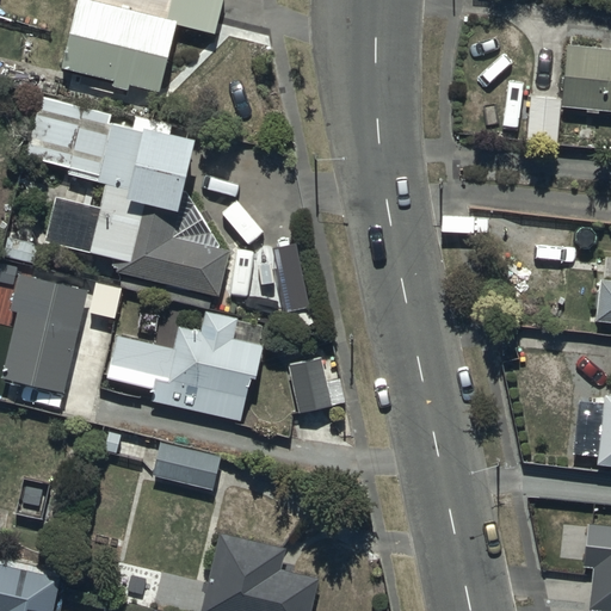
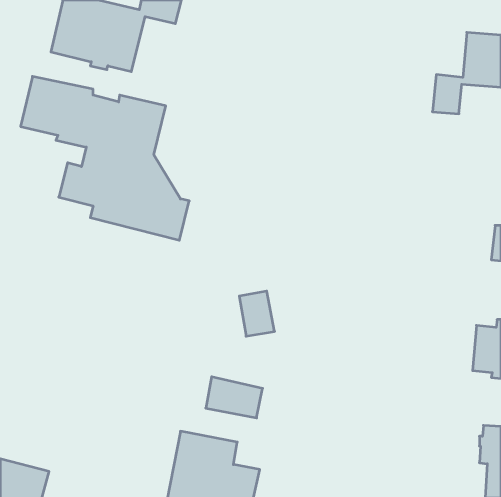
building: [6,272,88,393] -> none
building: [106,313,264,425] -> none
building: [152,440,221,490] -> [206,377,263,418]

